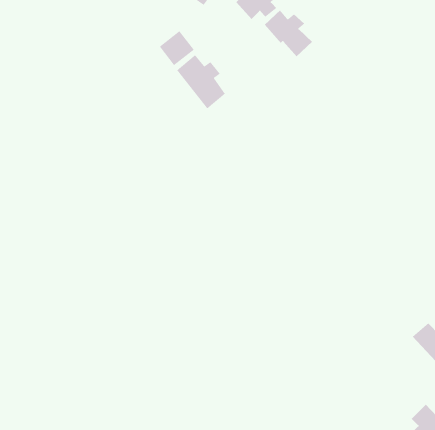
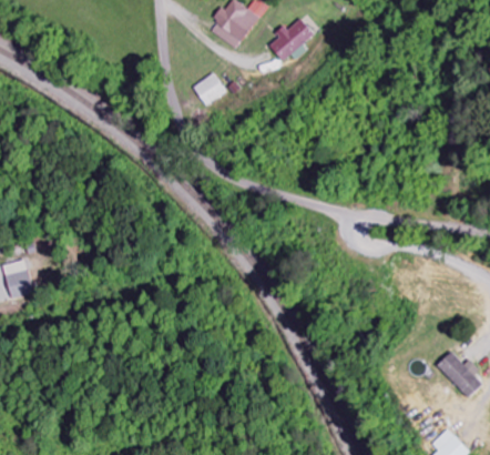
building: [264,9,313,57] -> none
building: [176,54,226,110] -> none

